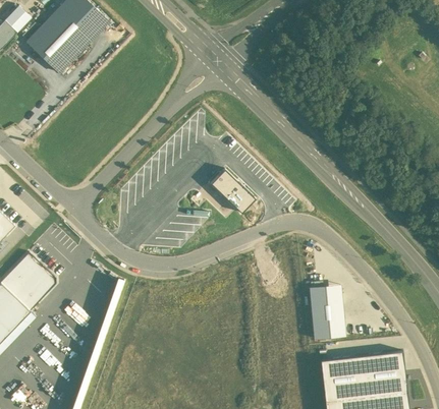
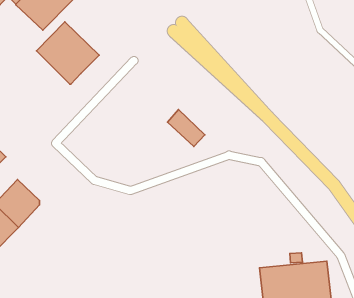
building: none -> [37,22,99,84]
building: [308,285,345,340] -> none

